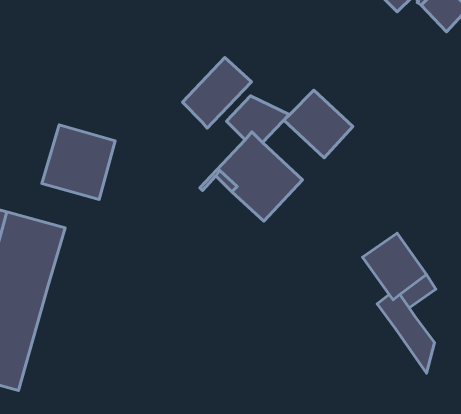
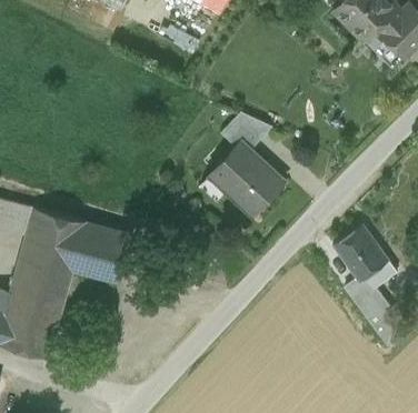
building: [182,58,251,128] -> none
building: [284,90,353,158] -> none
building: [42,125,115,200] -> [71,222,132,284]

